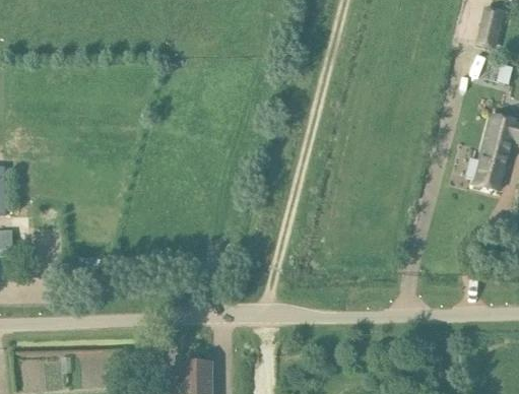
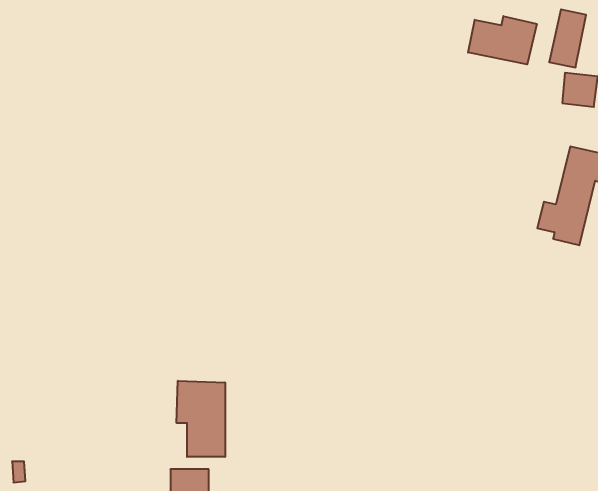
building: none -> [468,16,537,64]
building: none -> [177,381,225,457]

